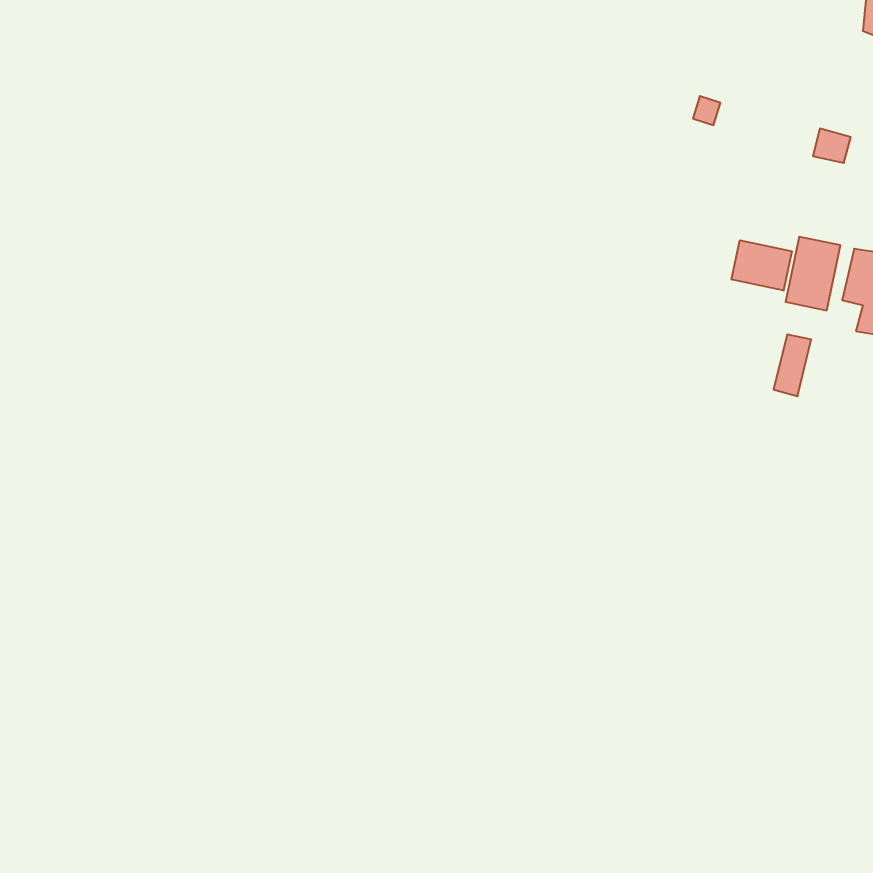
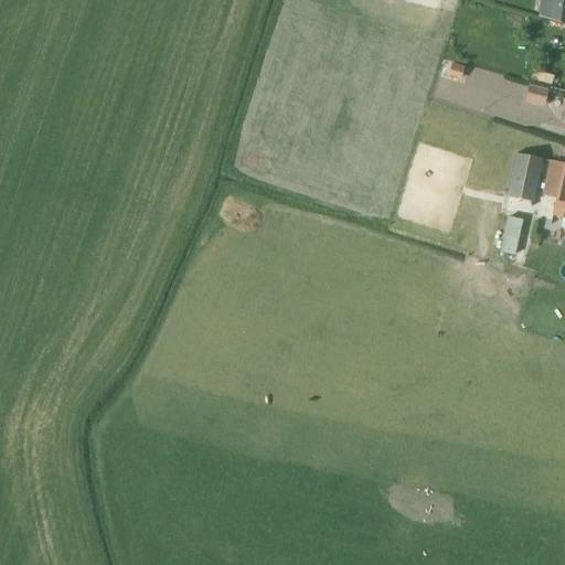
building: [732,240,792,291] -> none

